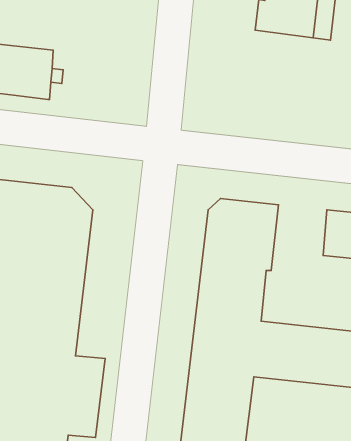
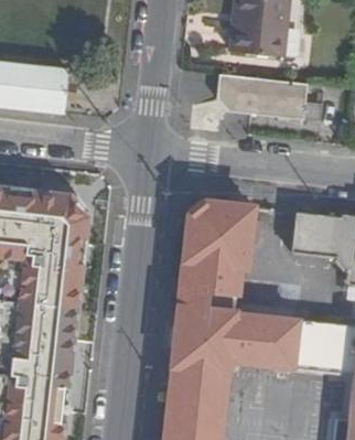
building: none -> [219,75,310,122]

